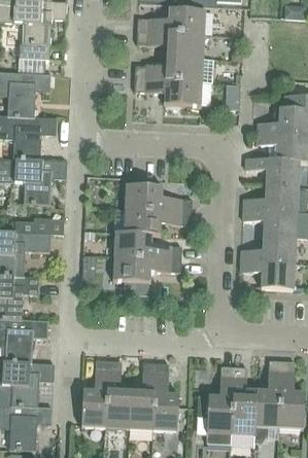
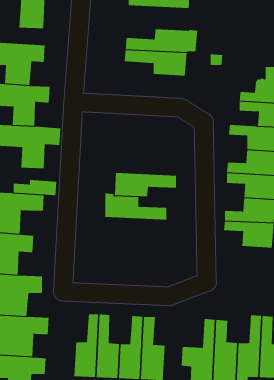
building: [137,32,204,59] -> none
building: [125,185,192,213] -> none
building: [112,257,180,283] -> none

